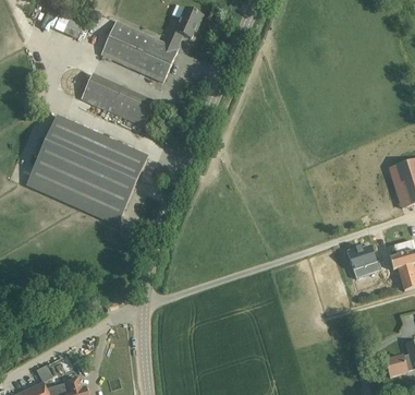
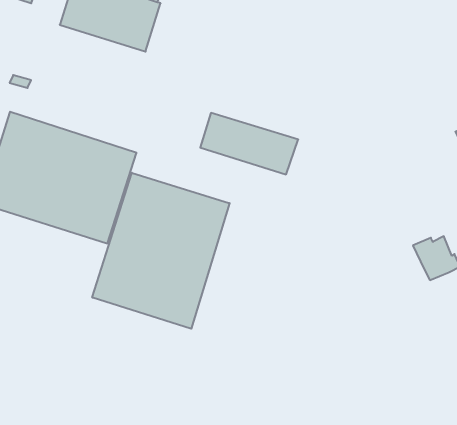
building: [82,73,156,125] -> [200,113,298,174]
building: none -> [92,173,230,329]

